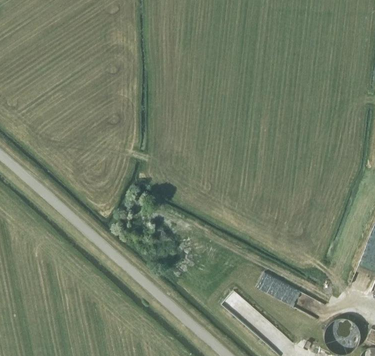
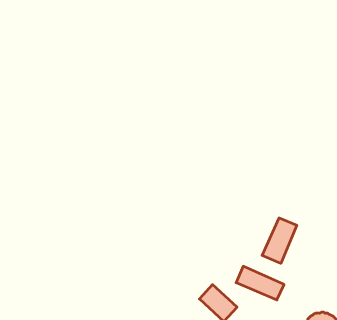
building: none -> [262,218,297,263]

